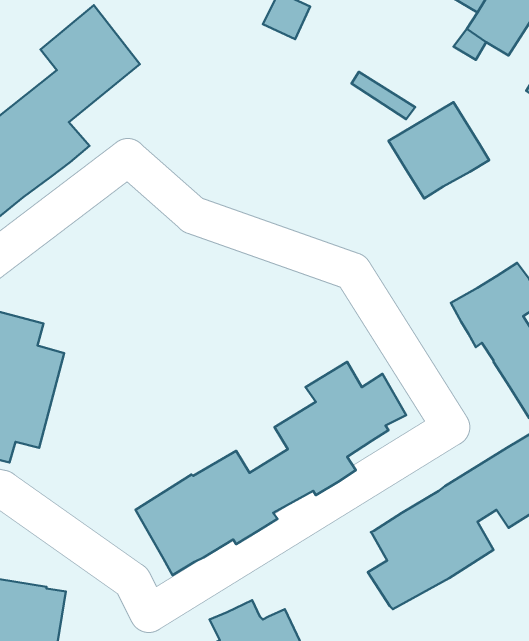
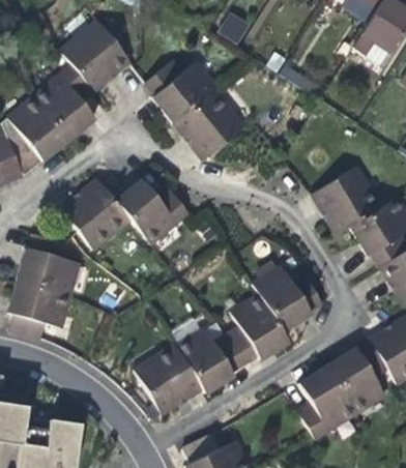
building: none -> [149,60,248,158]
building: [389,102,489,199] -> [312,168,382,235]
building: none -> [62,178,188,248]

